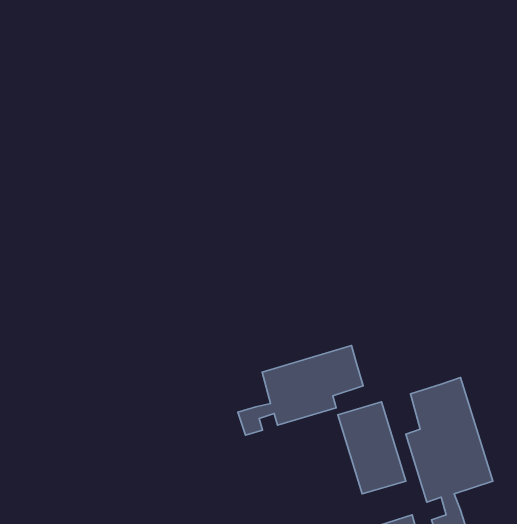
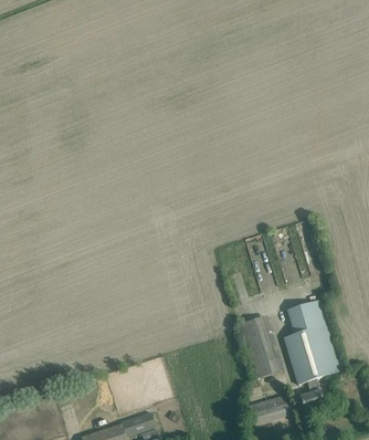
building: [238,345,363,435] -> none

